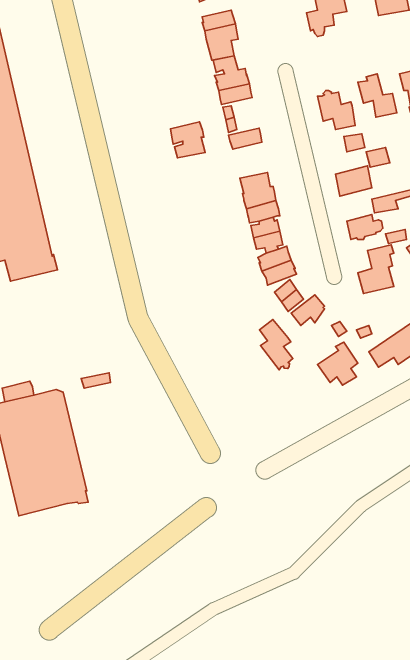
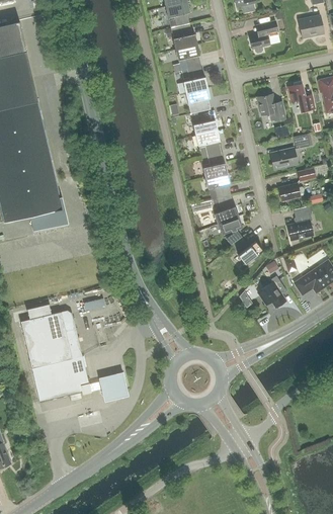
building: [170,122,205,158] -> [195,130,221,156]
building: [259,320,293,370] -> none
building: none -> [98,371,128,401]

